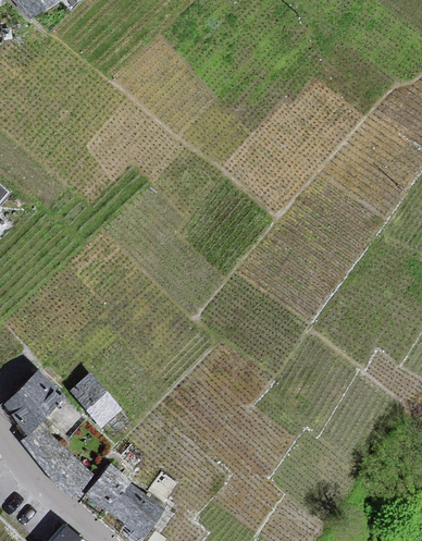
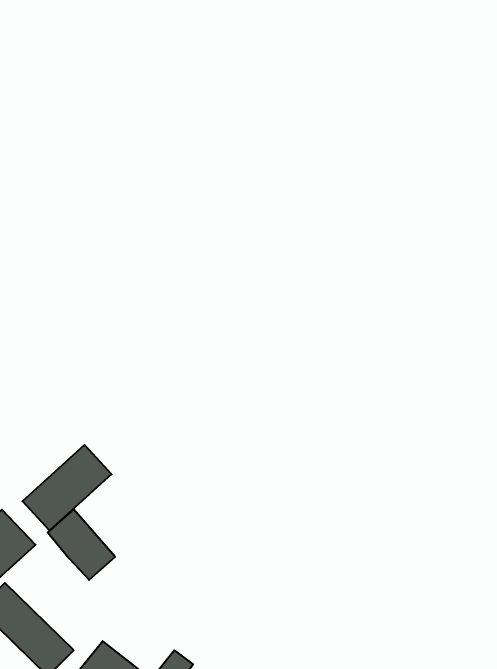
building: none -> [22,445,112,531]

